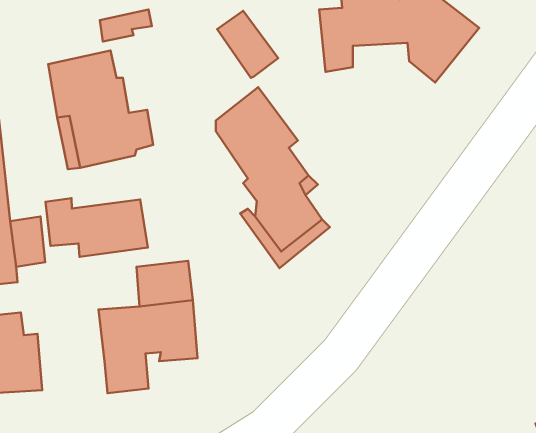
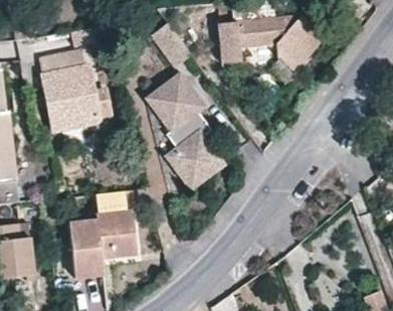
building: [46,198,148,257] -> none

